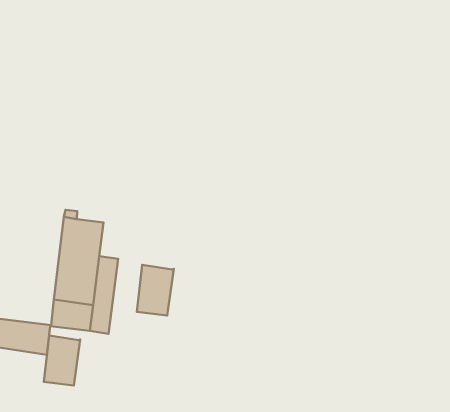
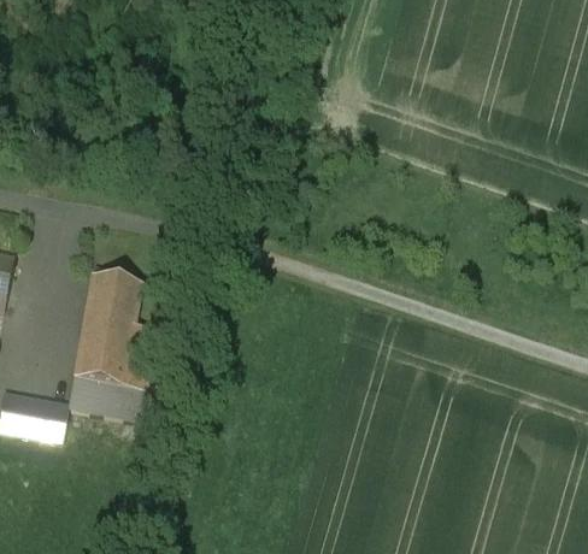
building: [137,265,174,315] -> none
building: [44,335,80,386] -> none

